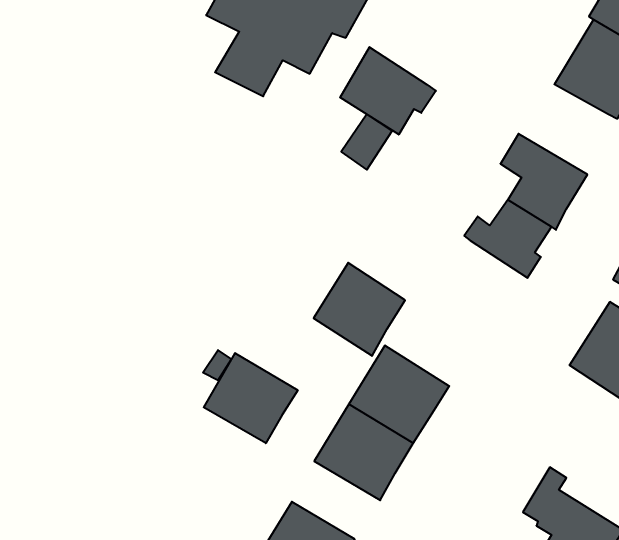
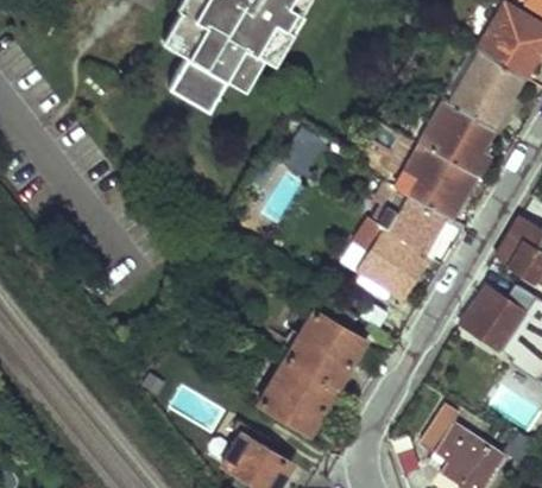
building: [340,47,436,135] -> none
building: none -> [417,97,491,173]
building: [314,263,405,356] -> [354,226,427,299]
building: [204,353,298,443] -> none

